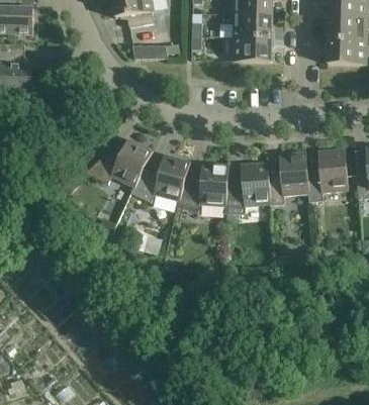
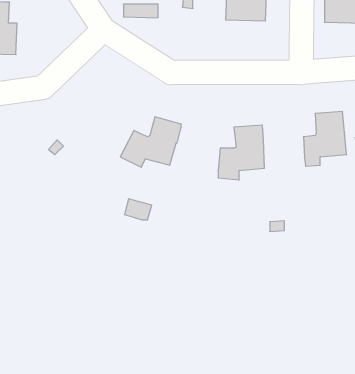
building: [86,137,153,186] -> none
building: [269,151,308,204] -> none
building: [177,163,229,212] -> none

